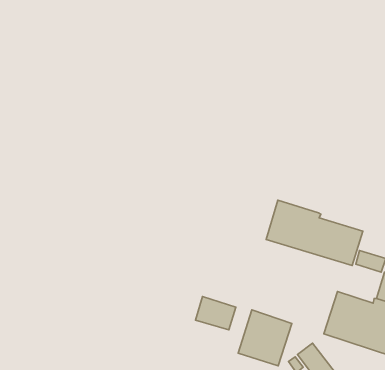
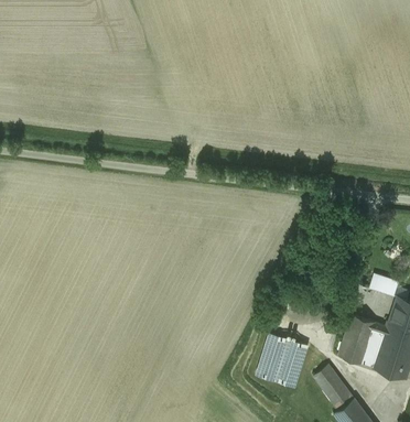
building: [266,200,363,266] -> none
building: [196,297,236,330] -> none

